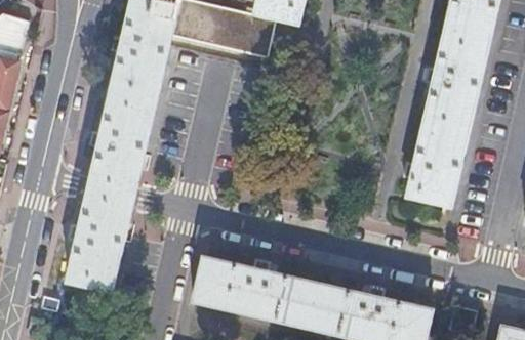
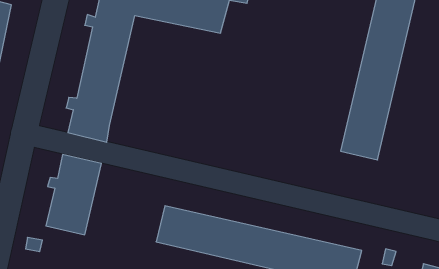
building: [84,173,135,209] -> none

